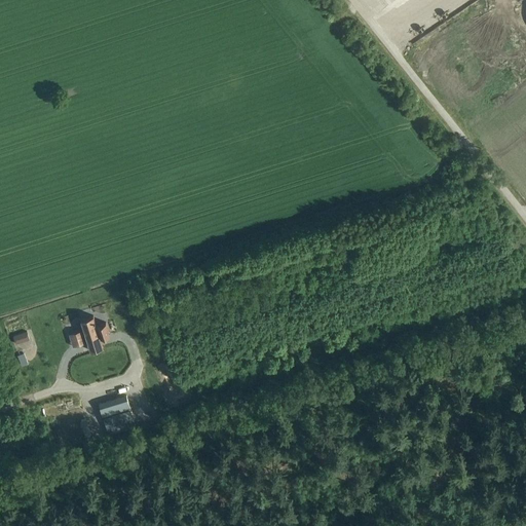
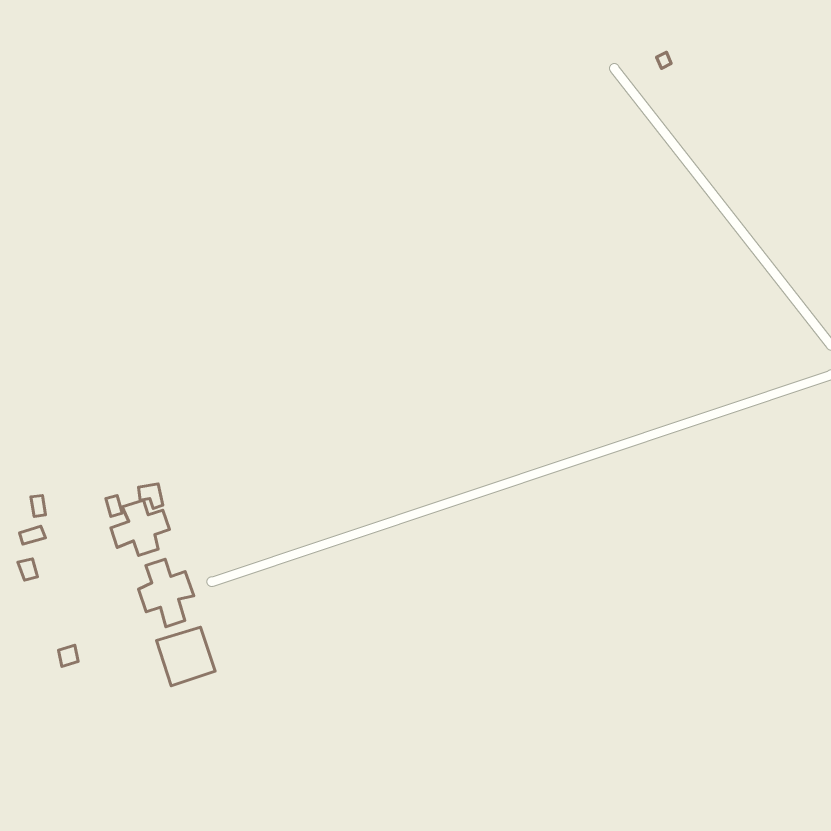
building: none -> [138,559,194,627]

